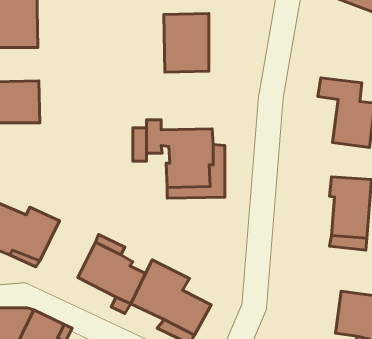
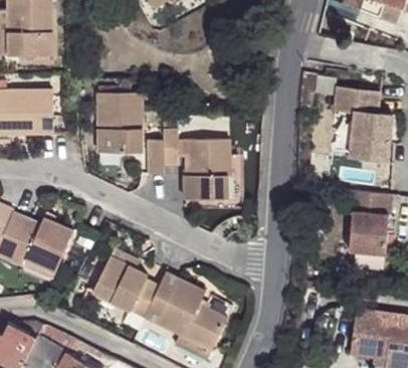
building: [164,13,209,72] -> [92,93,139,153]

